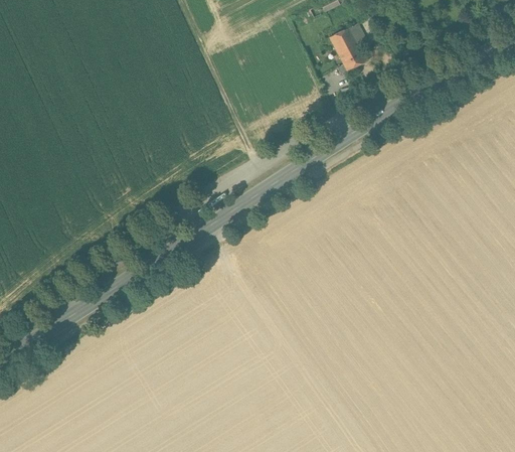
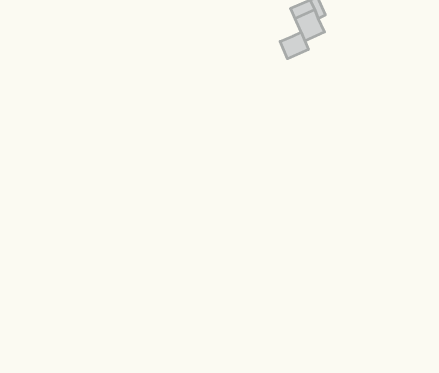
building: none -> [280,32,308,59]

